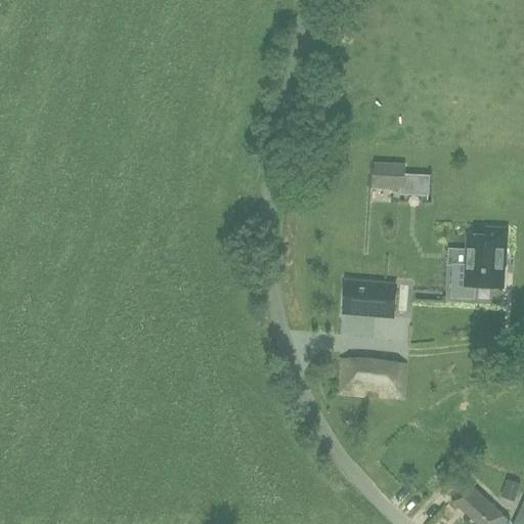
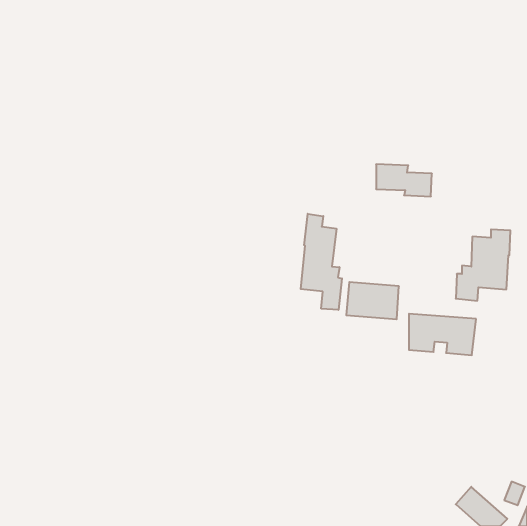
building: none -> [301,214,342,310]
building: [340,357,406,398] -> [409,314,476,355]

